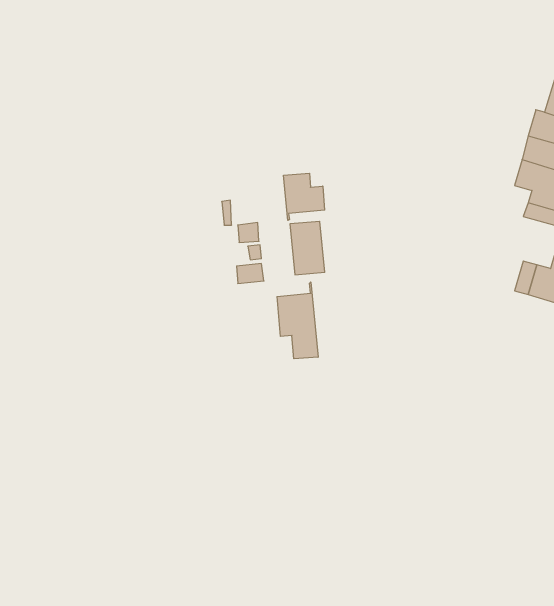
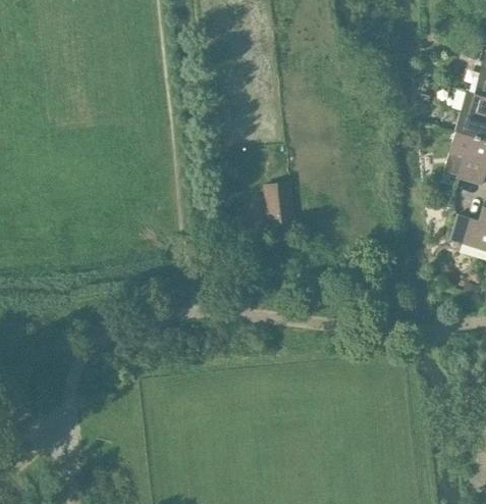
building: [284,173,325,220] -> none
building: [277,282,318,359] -> none

